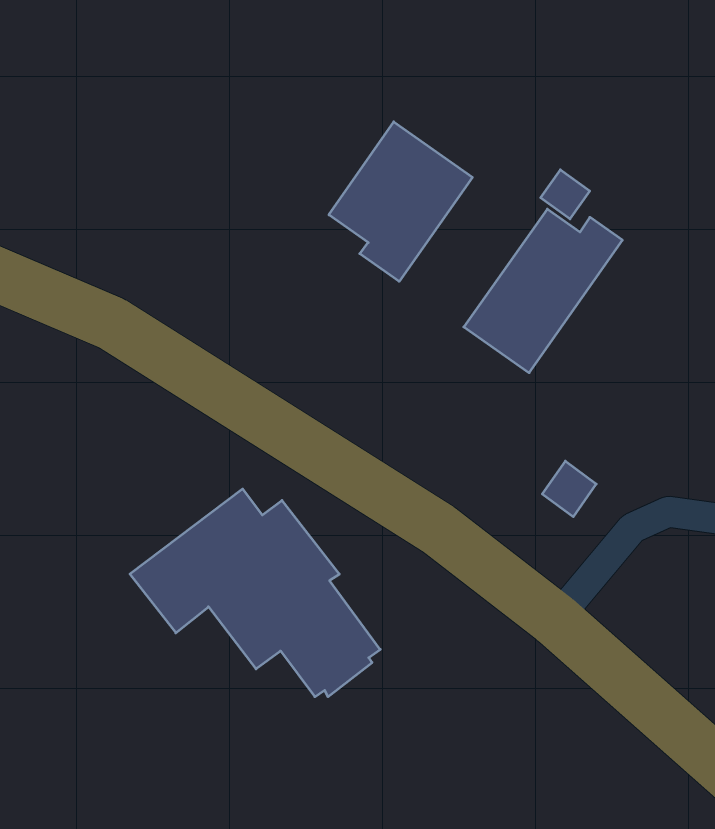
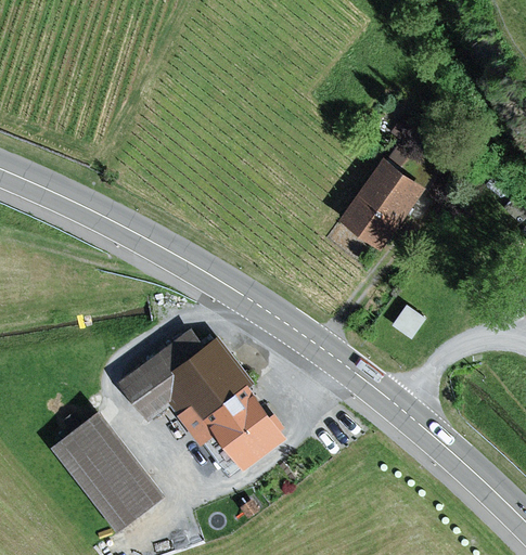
building: [329,122,472,281] -> none
building: none -> [51,412,165,534]

